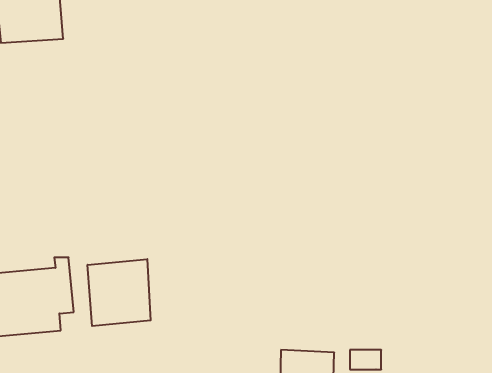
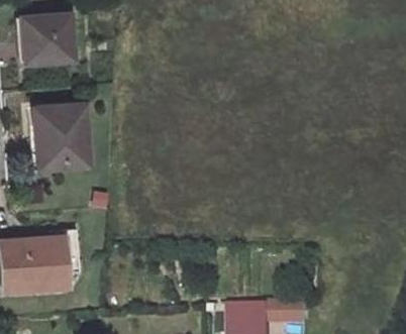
building: none -> [30,101,87,170]
building: [88,259,151,326] -> none

